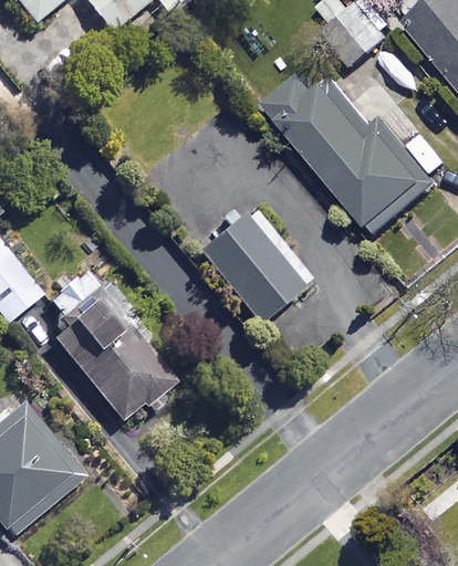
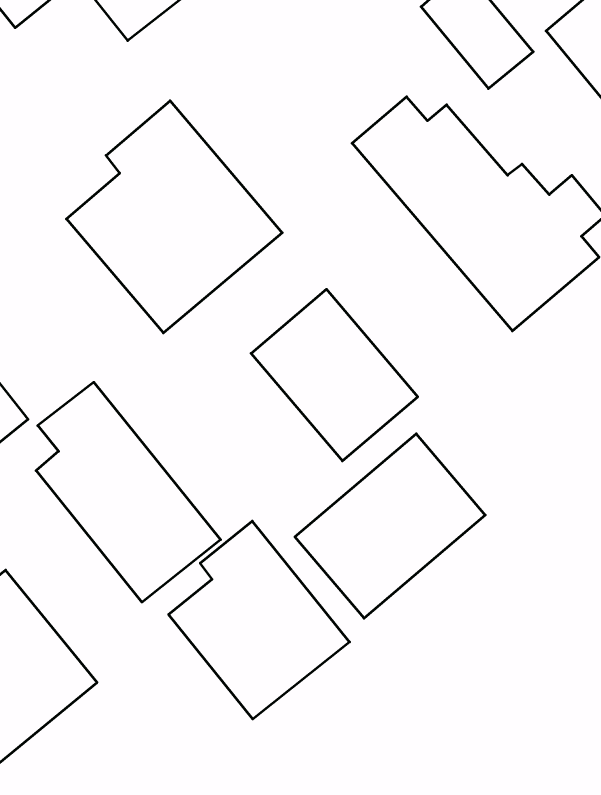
building: none -> [66,101,282,333]
building: none -> [295,434,485,618]
building: none -> [169,521,350,719]

